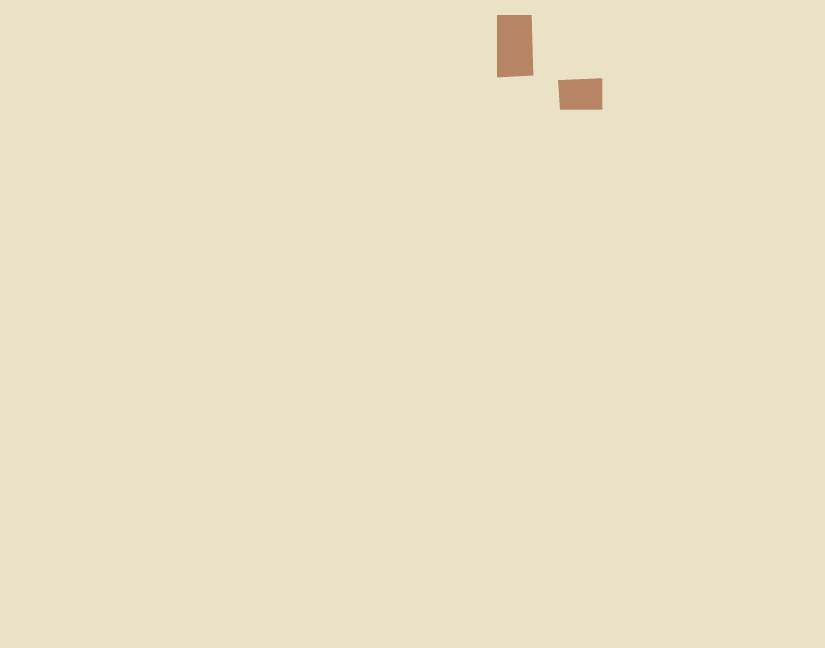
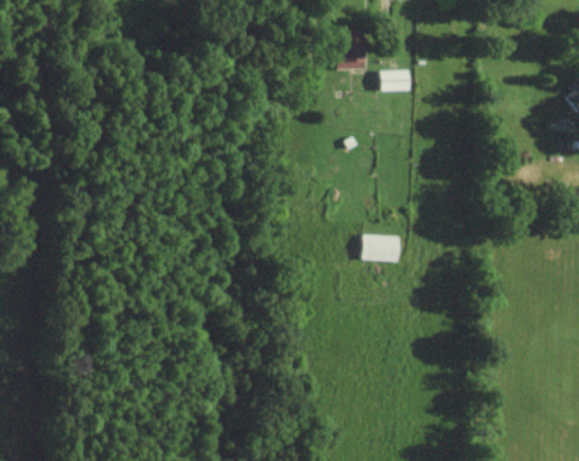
building: none -> [362,235,399,262]

